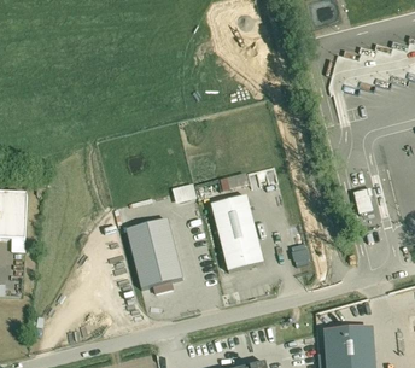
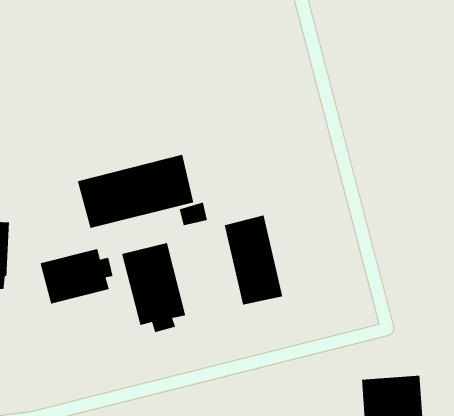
building: none -> [77,154,194,229]
building: none -> [40,248,114,305]

